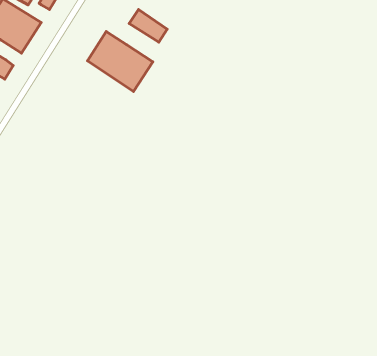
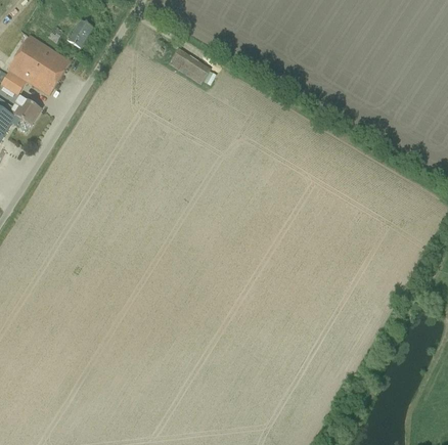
building: [88,32,153,91] -> none

